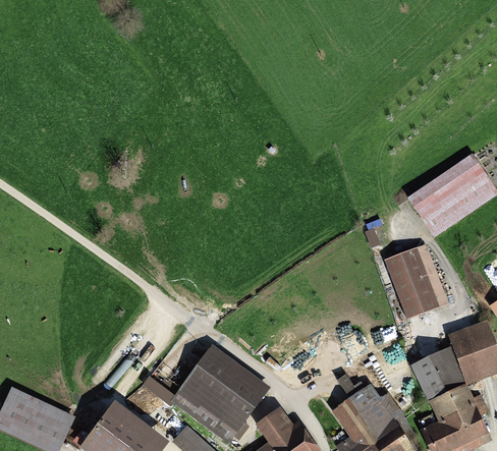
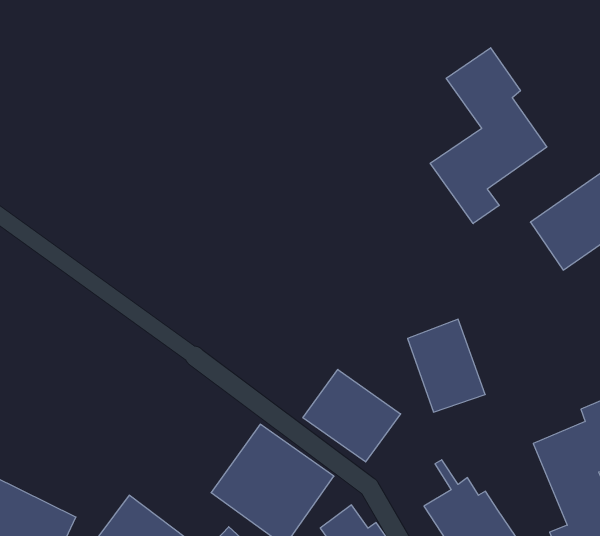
building: none -> [430,48,547,224]
building: [388,246,446,316] -> [408,319,485,412]
building: none -> [303,369,401,462]

